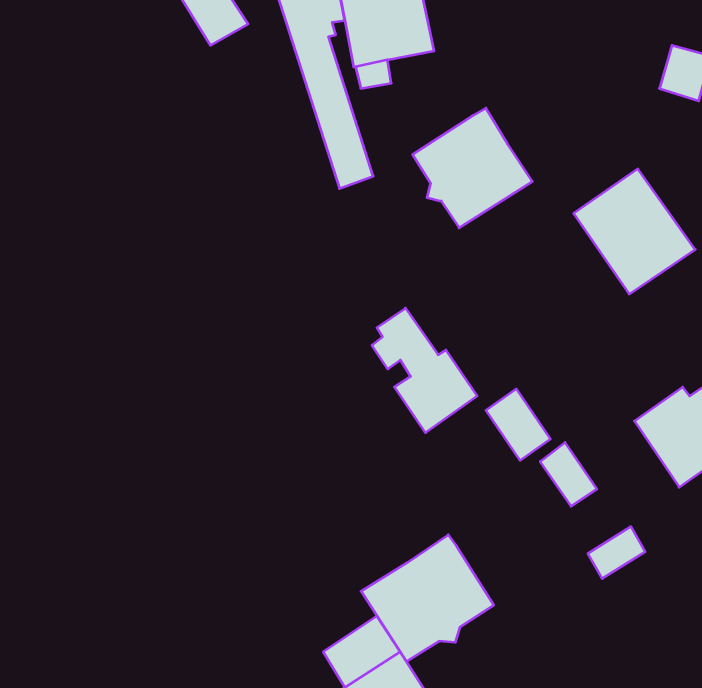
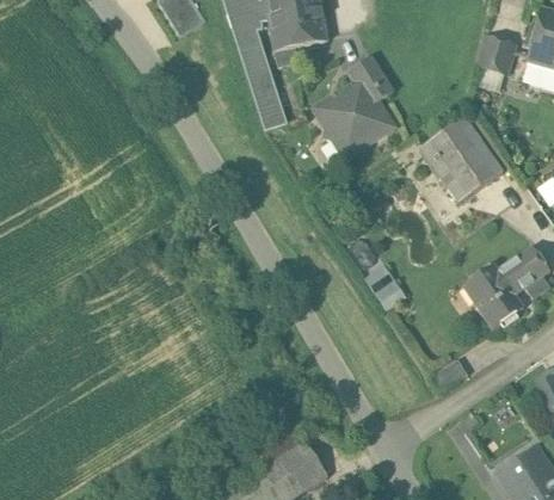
building: none -> [347,55,394,100]
building: [372,308,477,433] -> none
building: [540,442,597,506] -> none
building: [361,535,494,661] -> none

